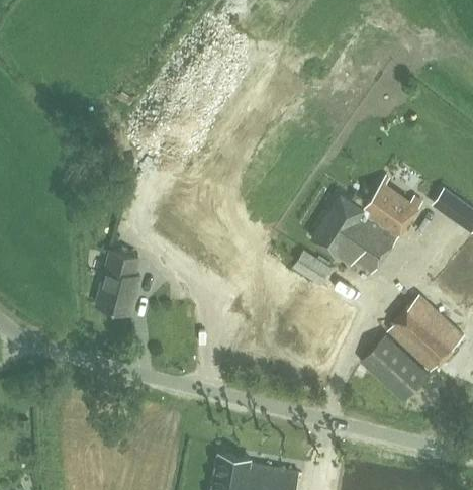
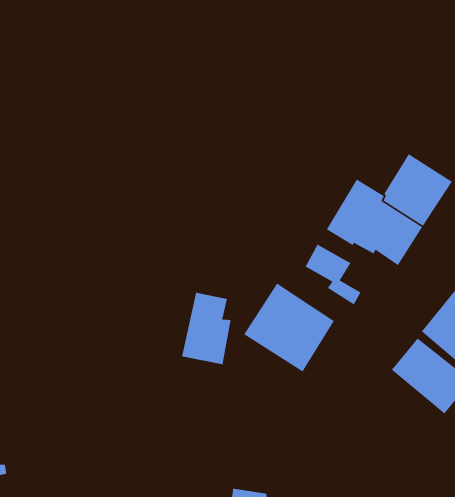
building: [96,252,140,315] -> [181,292,231,365]
building: none -> [243,283,335,372]

